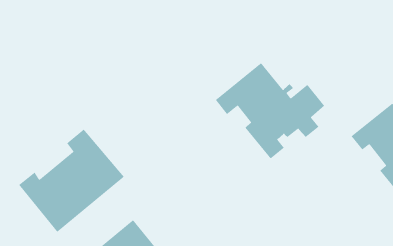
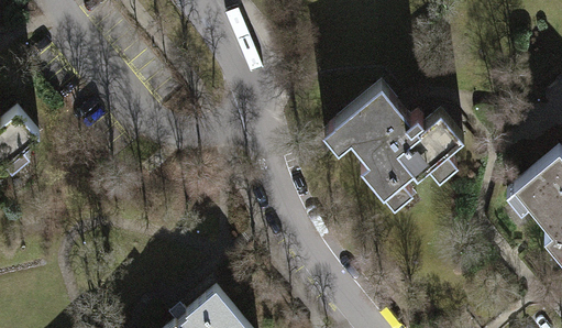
building: [18,128,125,233] -> none

